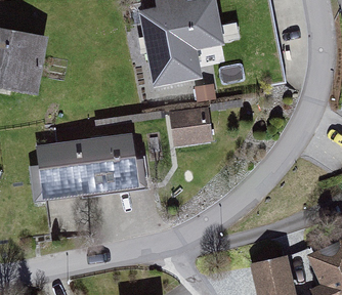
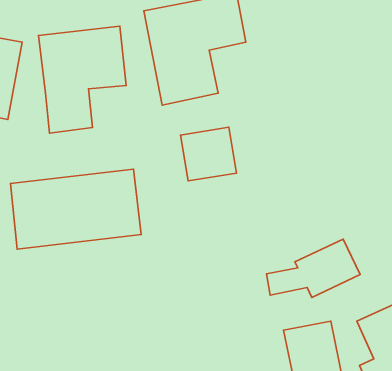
building: none -> [39,26,126,133]
building: none -> [266,239,360,297]

